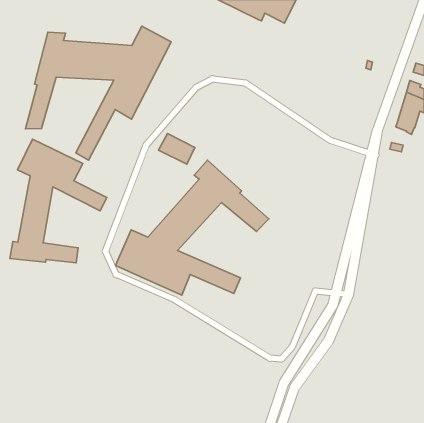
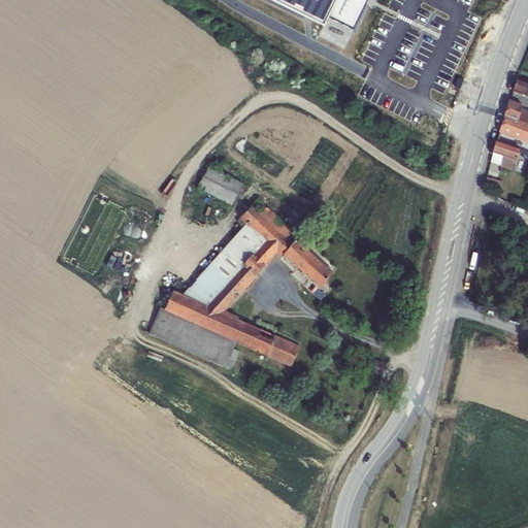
building: [26,26,171,160] -> none
building: [10,139,107,263] -> none

